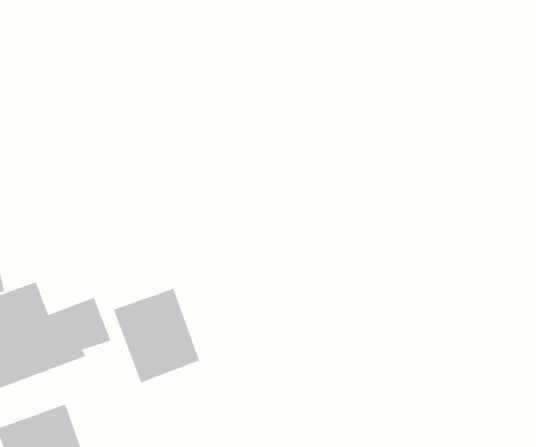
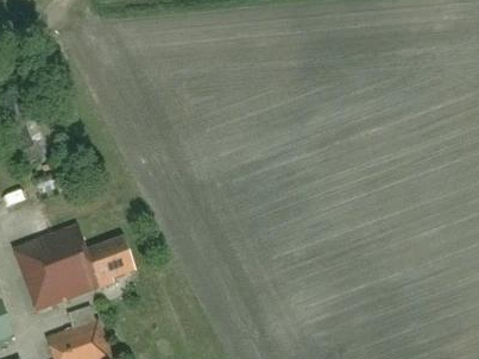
building: [113,288,200,383] -> none

